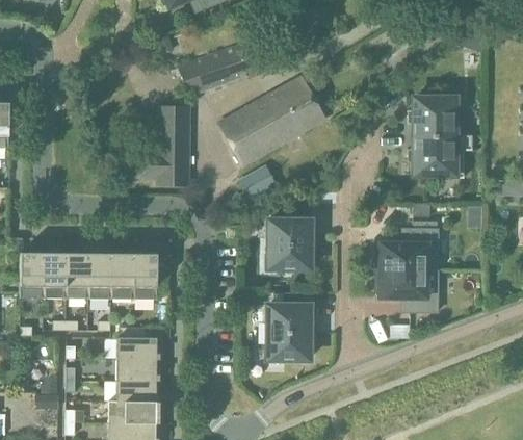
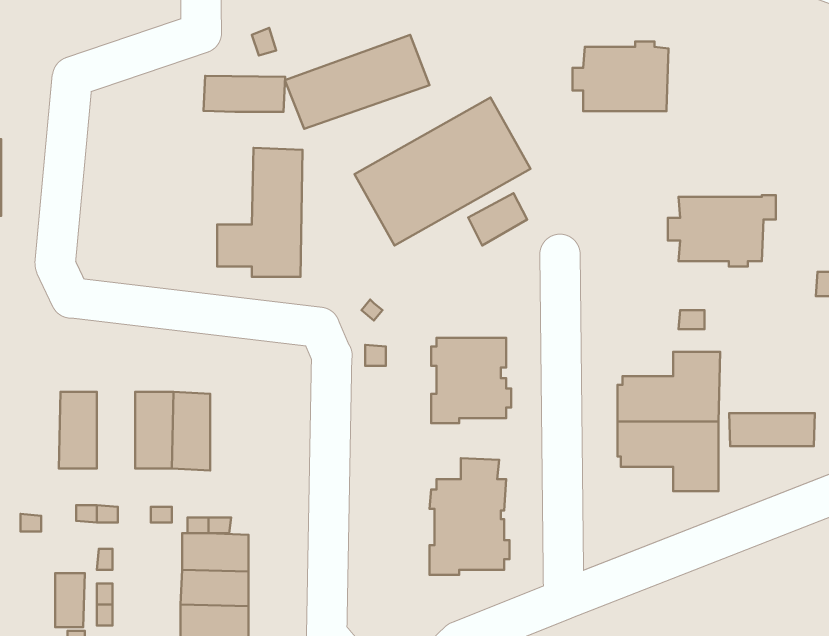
building: none -> [204,76,285,112]
building: [407,94,464,135] -> [573,42,668,111]
building: [239,167,274,199] -> [468,193,527,246]
building: [20,252,44,297] -> none
building: [66,252,88,297] -> none
building: [133,253,157,299] -> none
building: none -> [729,413,815,446]

